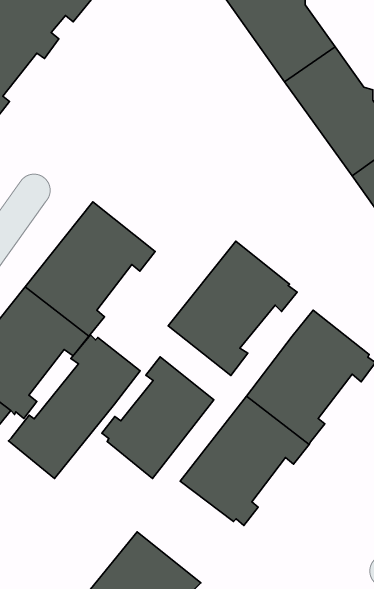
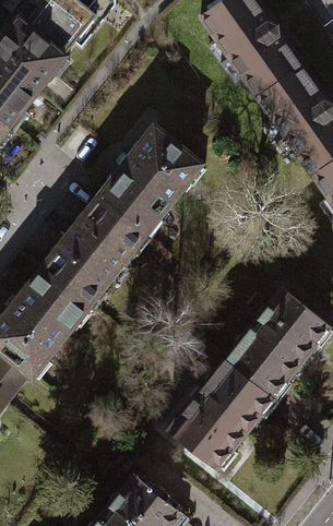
building: [168,241,297,375] -> [95,127,203,239]
building: [9,335,140,479] -> none
building: [102,357,214,479] -> none

